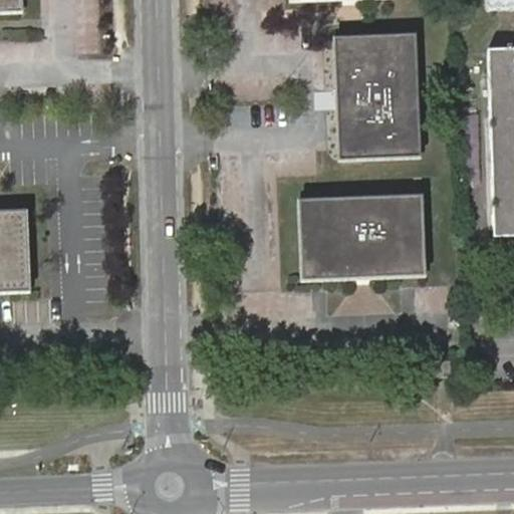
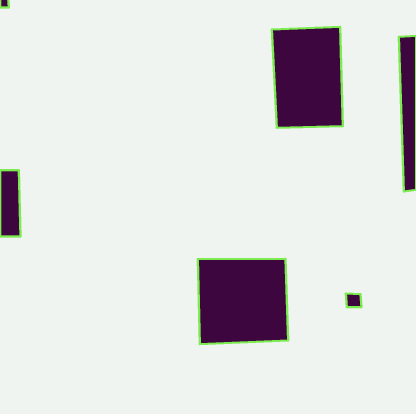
building: [298,193,424,279] -> none
building: none -> [198,259,288,344]

